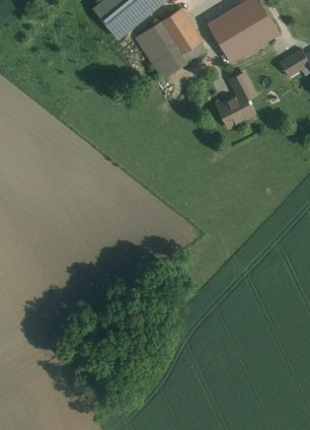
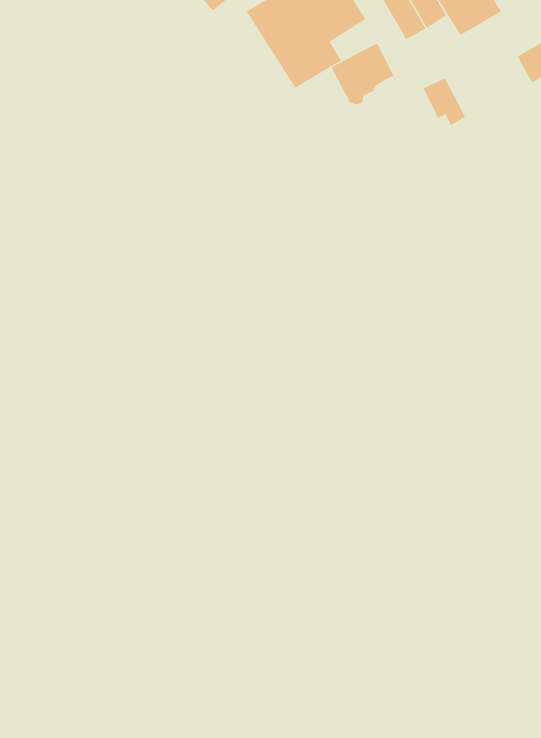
building: [219,93,254,127] -> [331,43,396,105]

